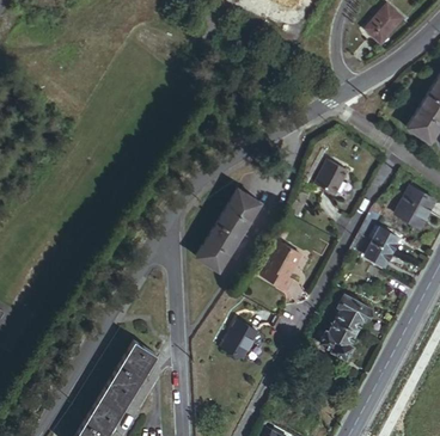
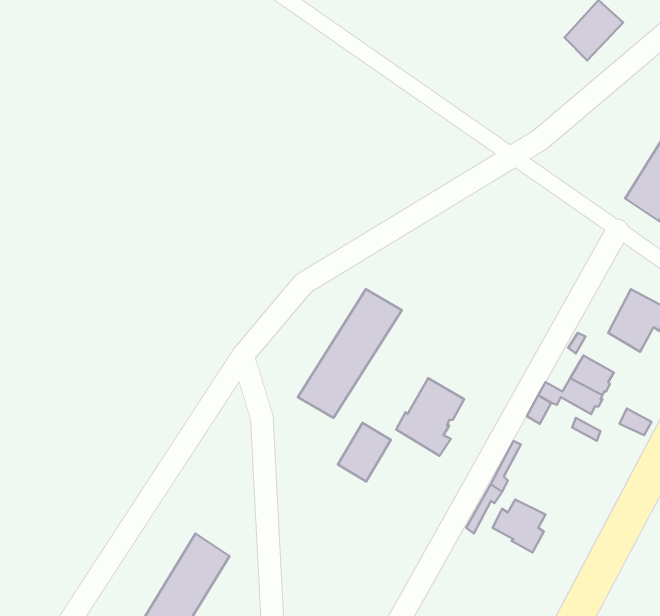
building: [316,162,348,197] -> none
building: [336,296,369,330] -> none
building: [225,323,258,360] -> [338,423,391,482]

